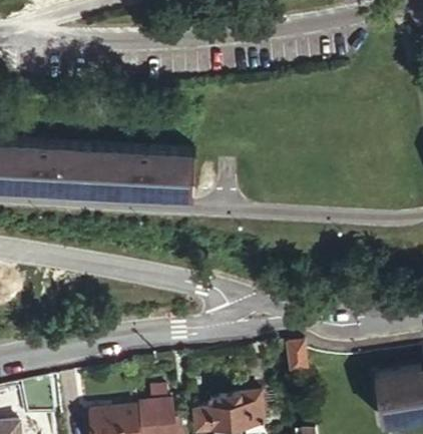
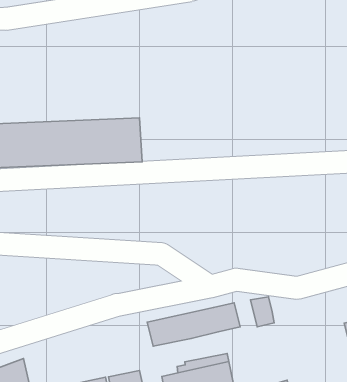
building: none -> [147,303,240,346]

